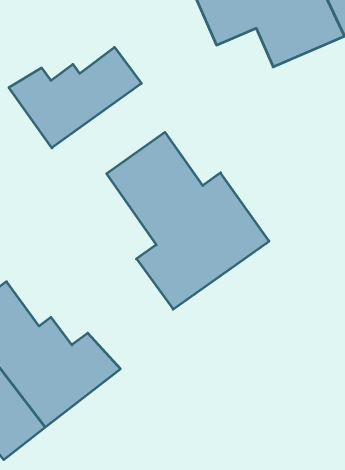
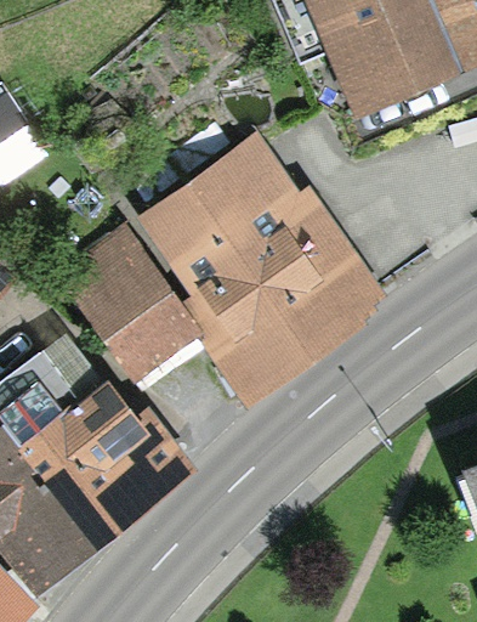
building: [9,47,141,148] -> none
building: none -> [64,237,184,372]

